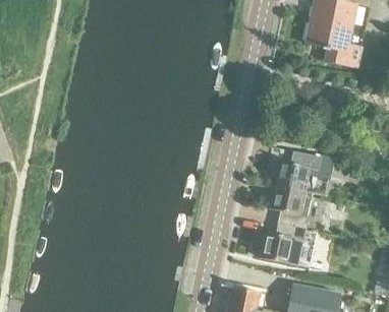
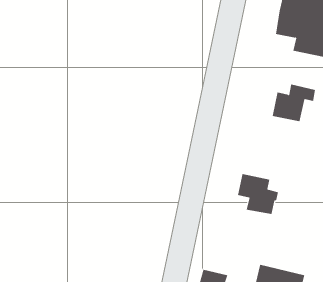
building: [272,154,318,194] -> [272,84,316,122]
building: [256,226,315,267] -> none

